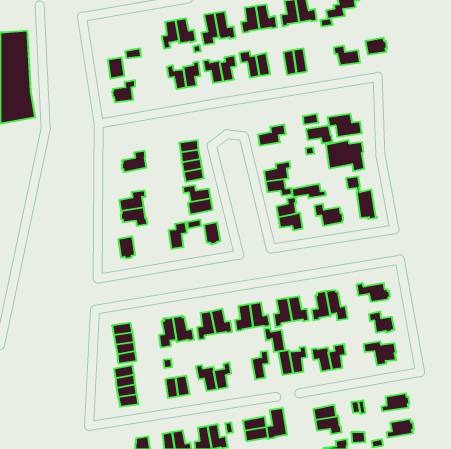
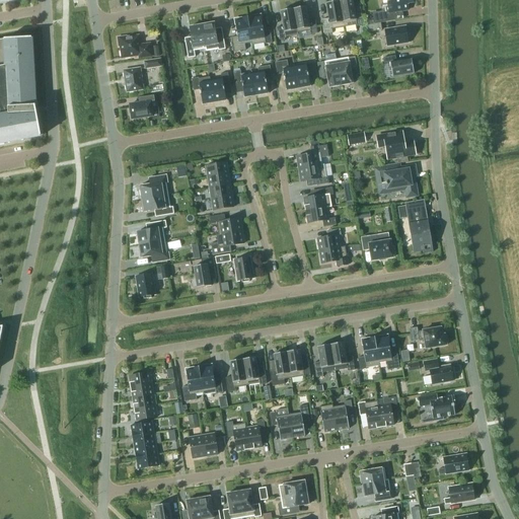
building: none -> [118,33,152,57]
building: [365,38,387,54] -> [384,24,410,44]
building: [306,125,332,143] -> [298,162,328,183]
building: none -> [142,193,174,214]
building: [292,184,326,198] -> none
building: [264,328,285,352] -> [269,411,293,438]
building: [267,408,287,439] -> none

